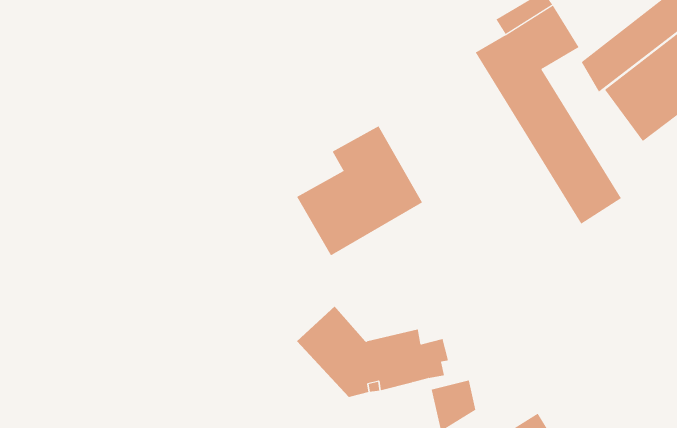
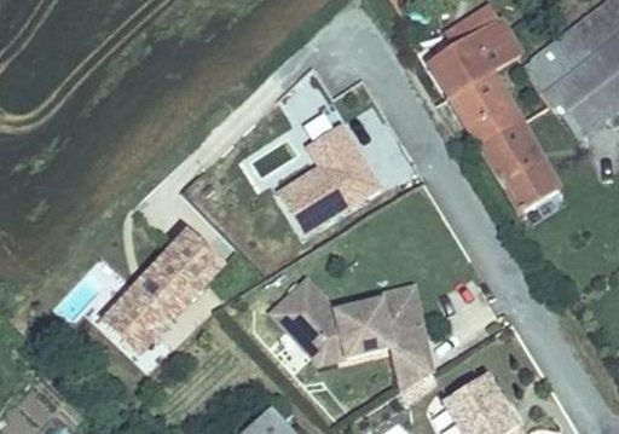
building: none -> [97,225,230,358]
building: none -> [378,287,426,354]

